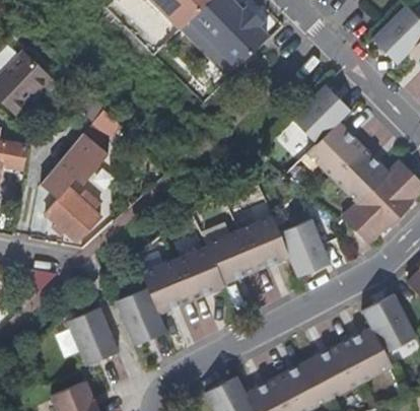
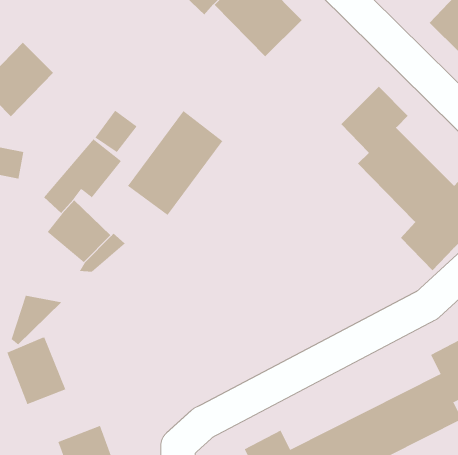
building: none -> [127,110,223,216]
building: [115,213,331,344] -> none
building: [70,302,121,360] -> [7,337,66,405]

